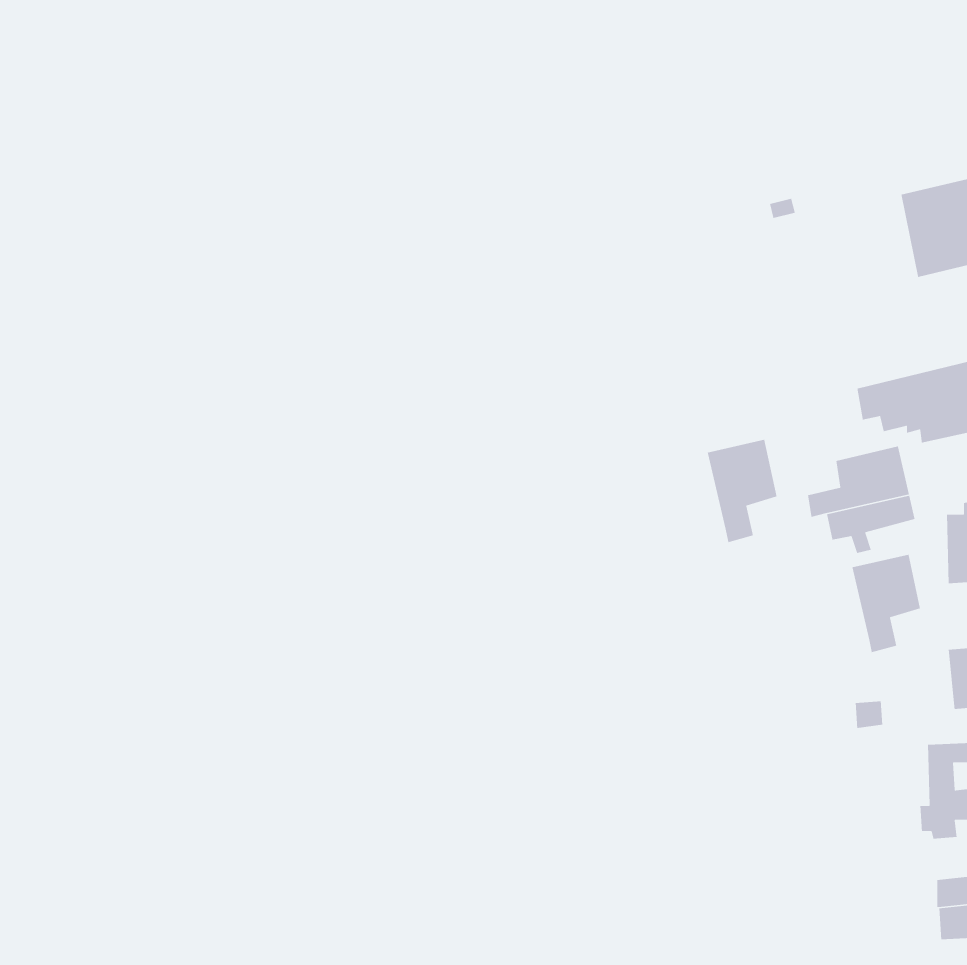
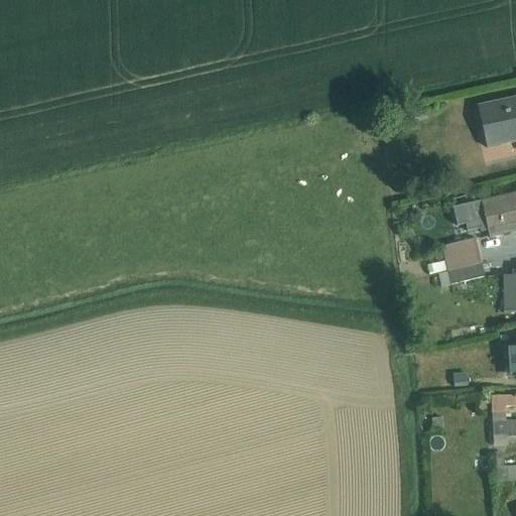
building: [707,439,777,543] -> none
building: [852,554,921,653] -> none

